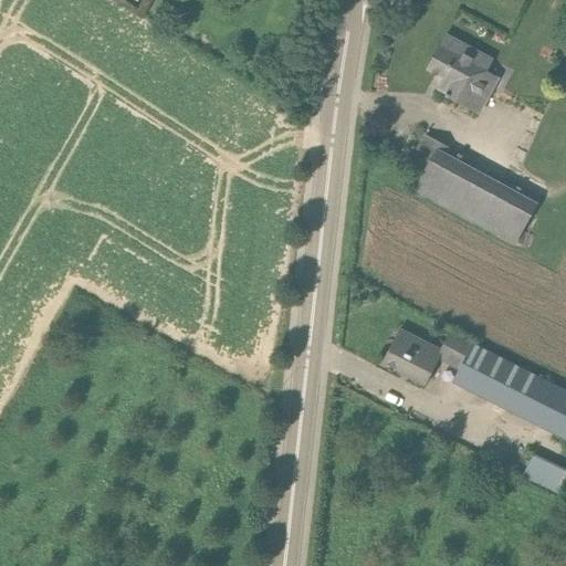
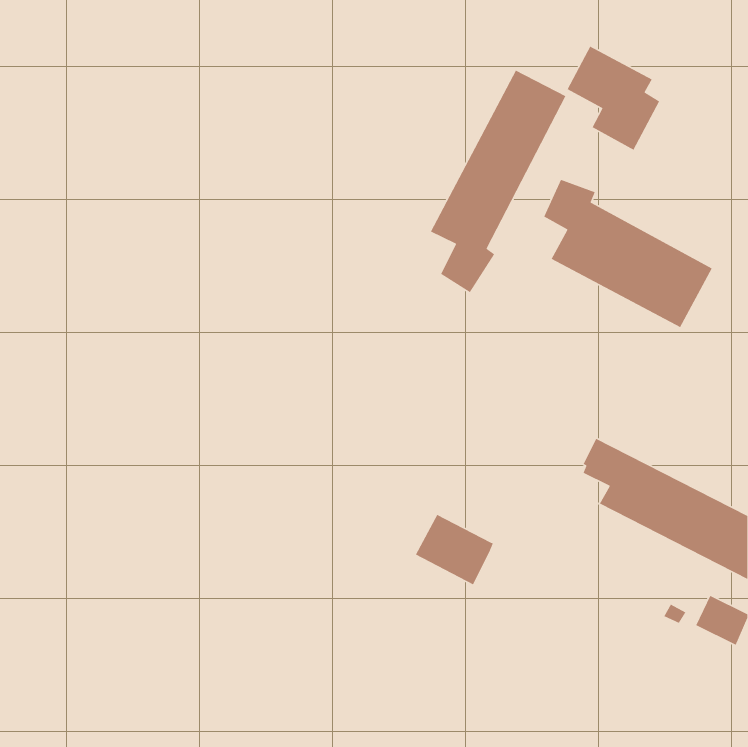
building: none -> [430,70,567,293]
building: [382,329,442,384] -> [415,514,494,586]

